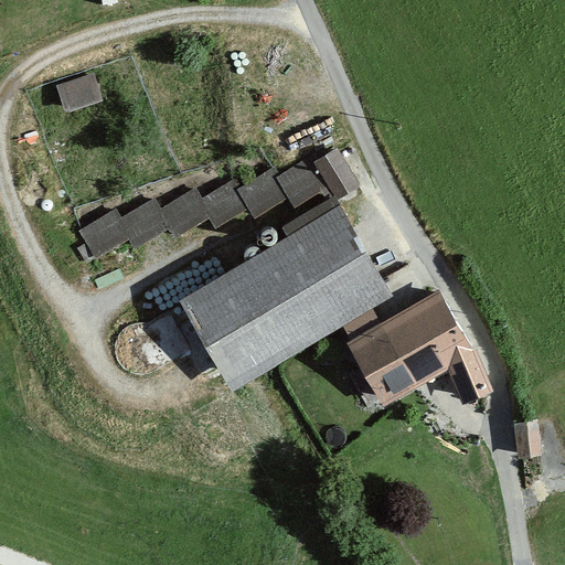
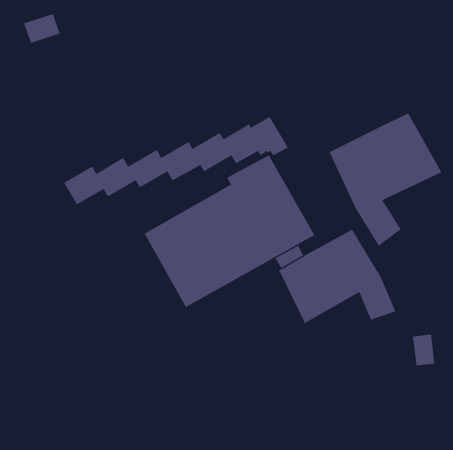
building: [55,75,102,113] -> [23,13,61,44]
building: none -> [329,112,442,247]

